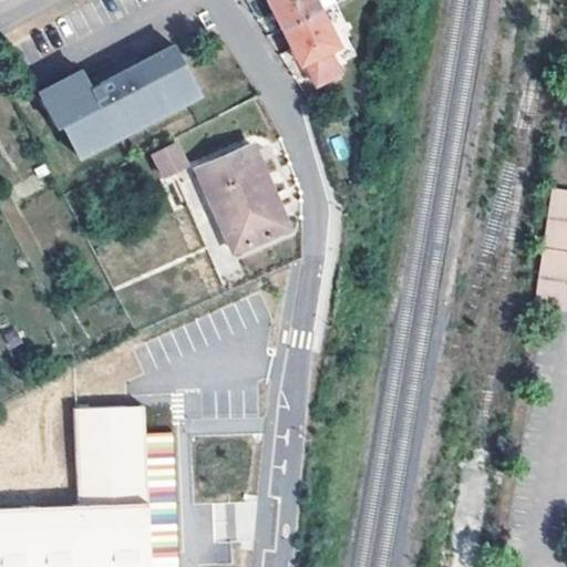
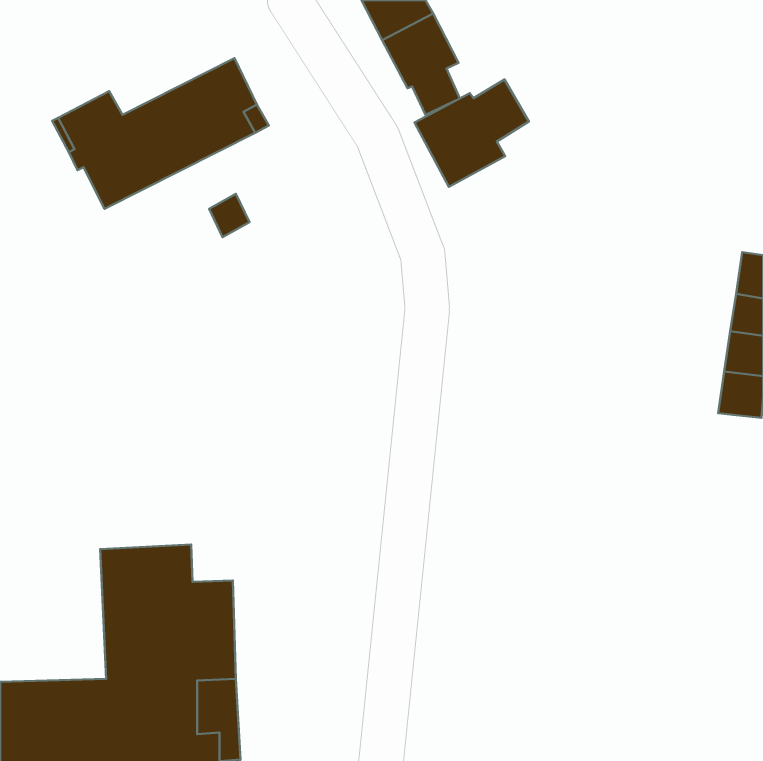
building: none -> [415,80,529,187]
building: [196,145,288,252] -> none

